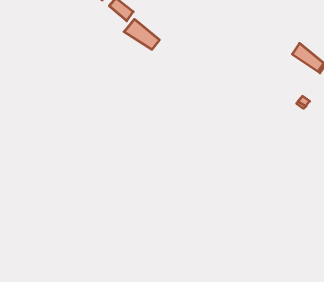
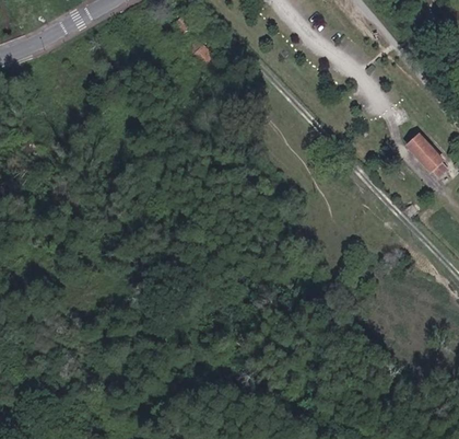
building: [124,19,159,49] -> none

